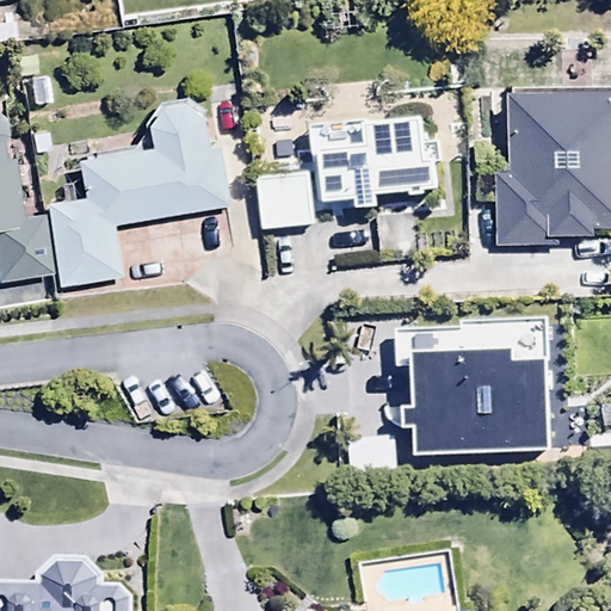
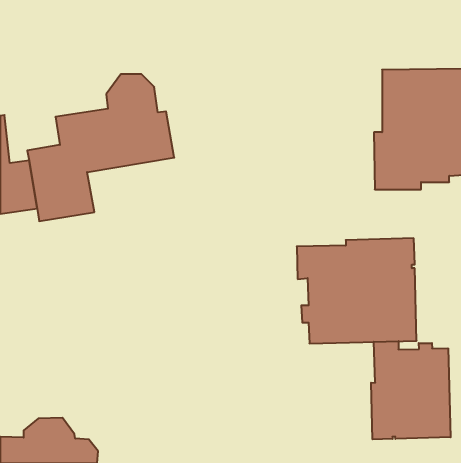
building: [258,115,437,230] -> none
building: none -> [371,341,451,439]

